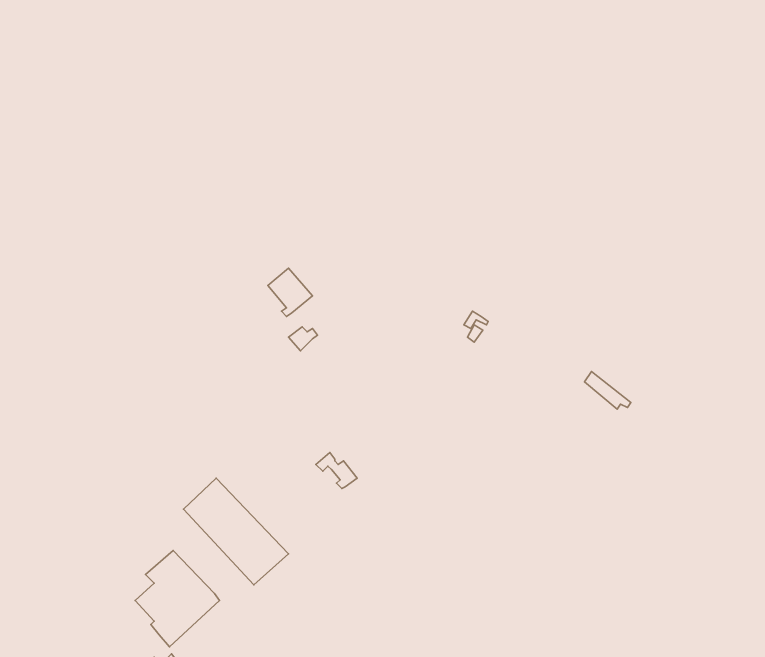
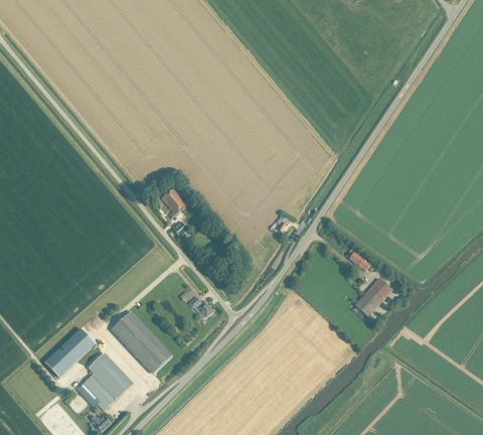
building: none -> [354,278,390,316]
building: none -> [44,327,95,377]

